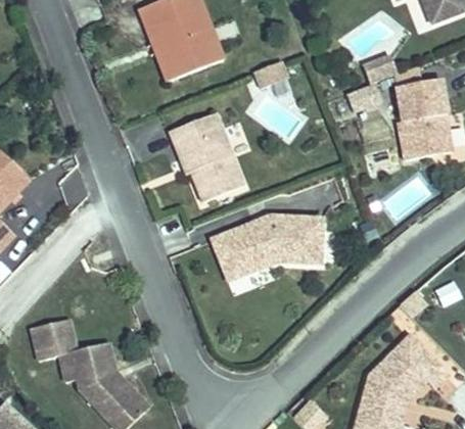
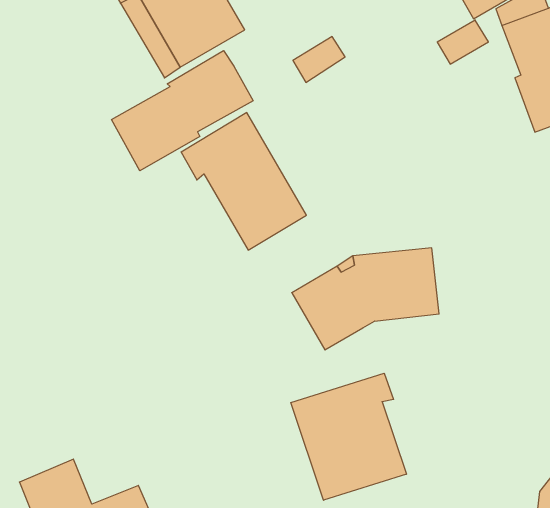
building: none -> [112,51,253,171]
building: none -> [291,373,406,500]

